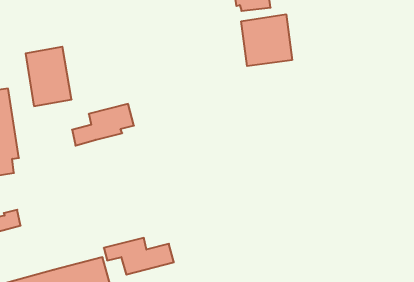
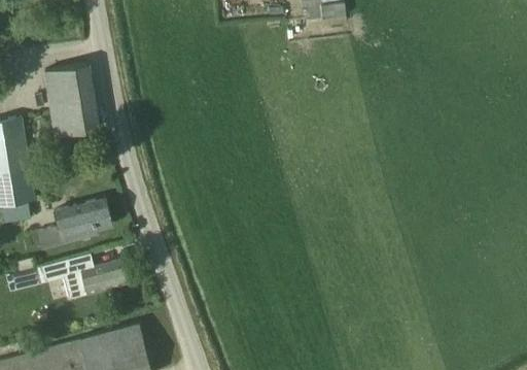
building: [241,14,292,66] -> none
building: [72,104,134,146] -> [35,200,111,251]
building: [104,238,174,275] -> [40,254,127,299]

